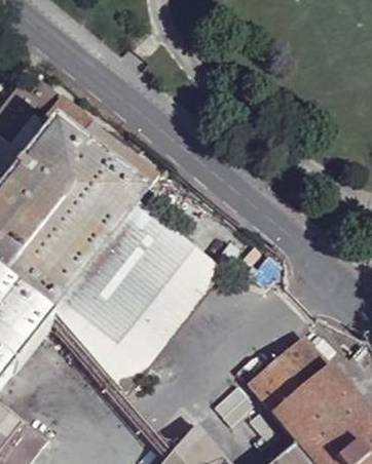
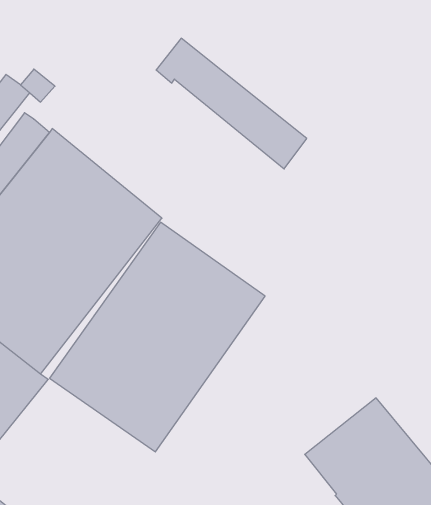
building: [38,105,155,206] -> [156,38,307,169]

